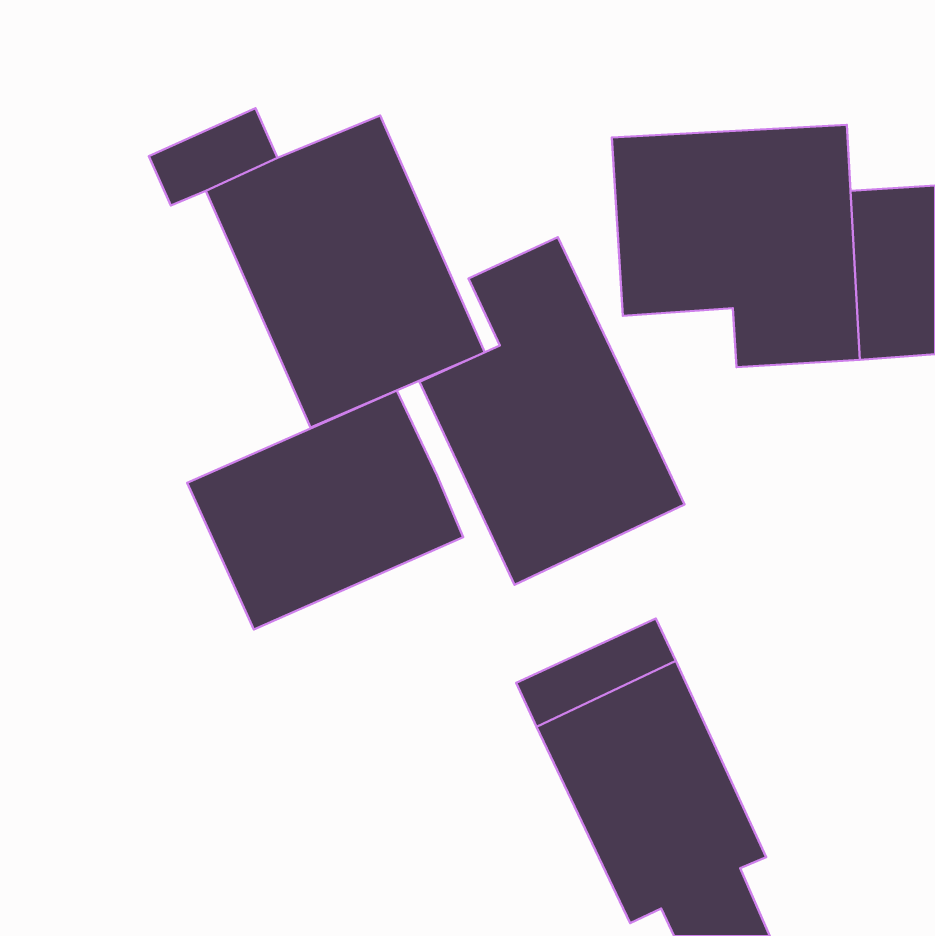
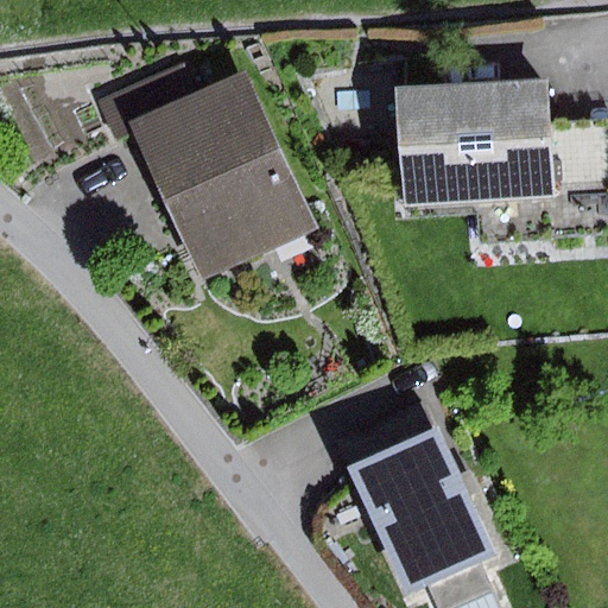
building: [419,237,685,585] -> none
building: [187,390,463,630] -> none

